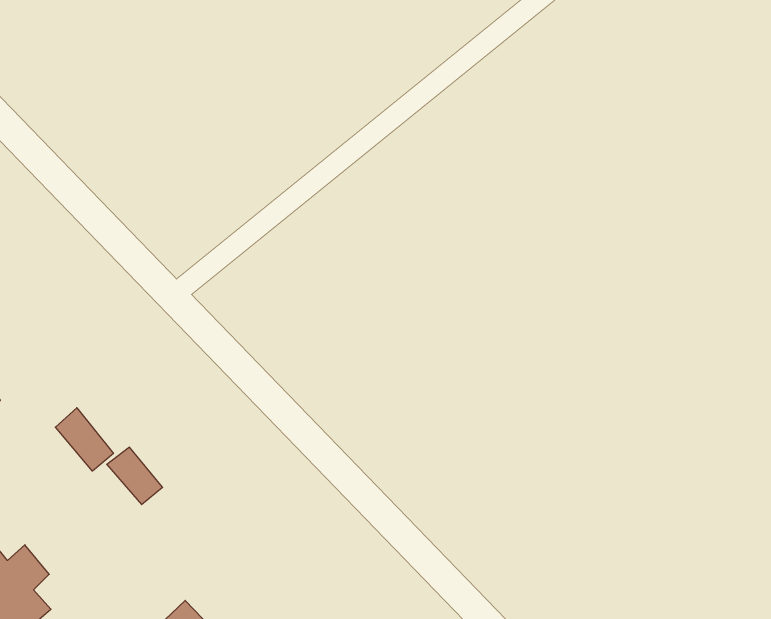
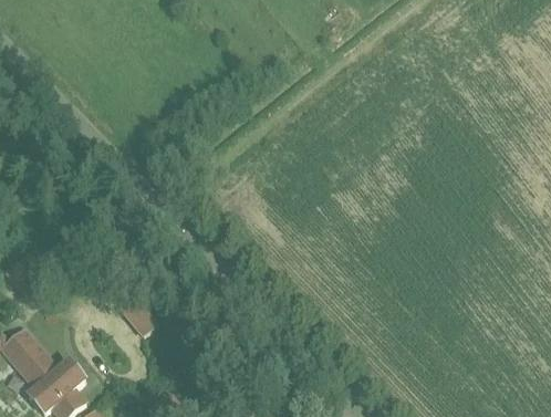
building: [55,408,113,471] -> none

